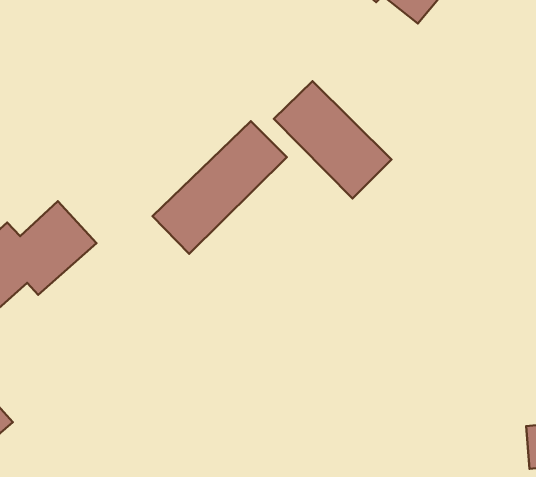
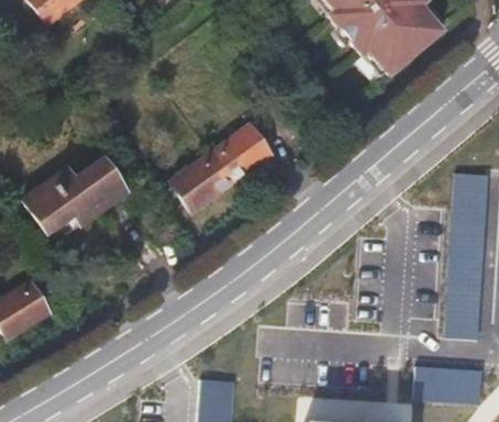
building: [274,81,391,198] -> none

